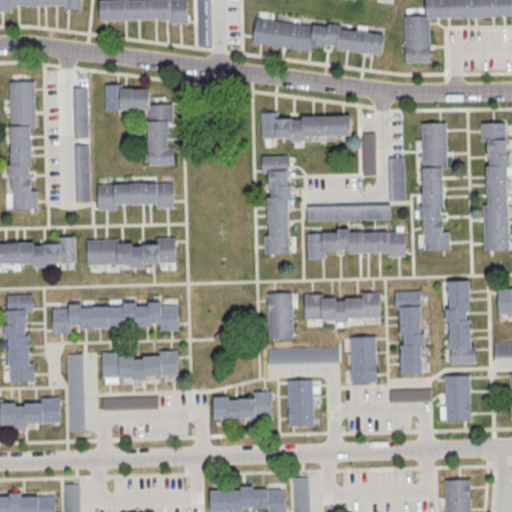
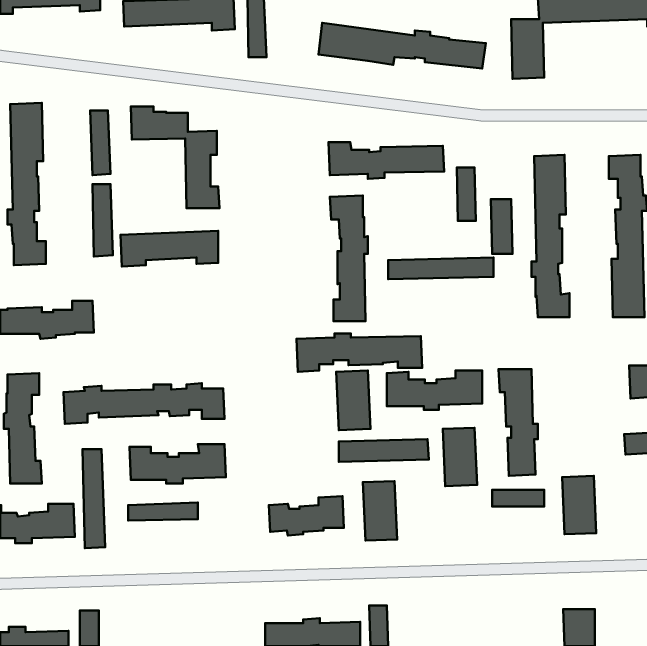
building: [307,229,406,259] -> [296,334,422,372]
building: [86,237,176,267] -> none
building: [445,281,476,363] -> none

